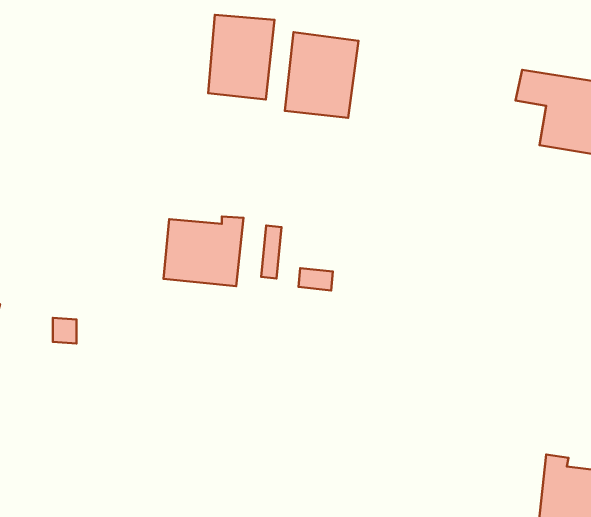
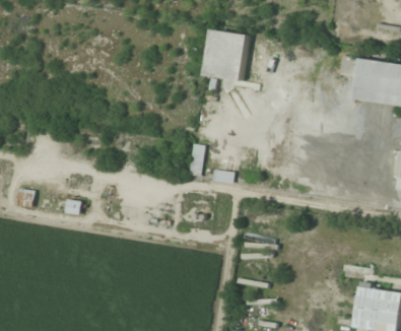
building: [208,15,275,99] -> none
building: [164,216,243,286] -> none

